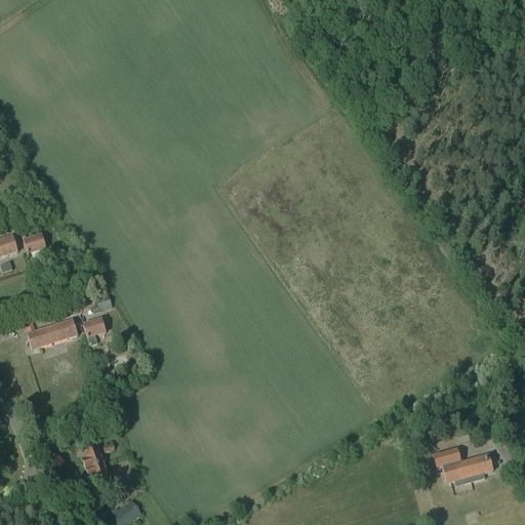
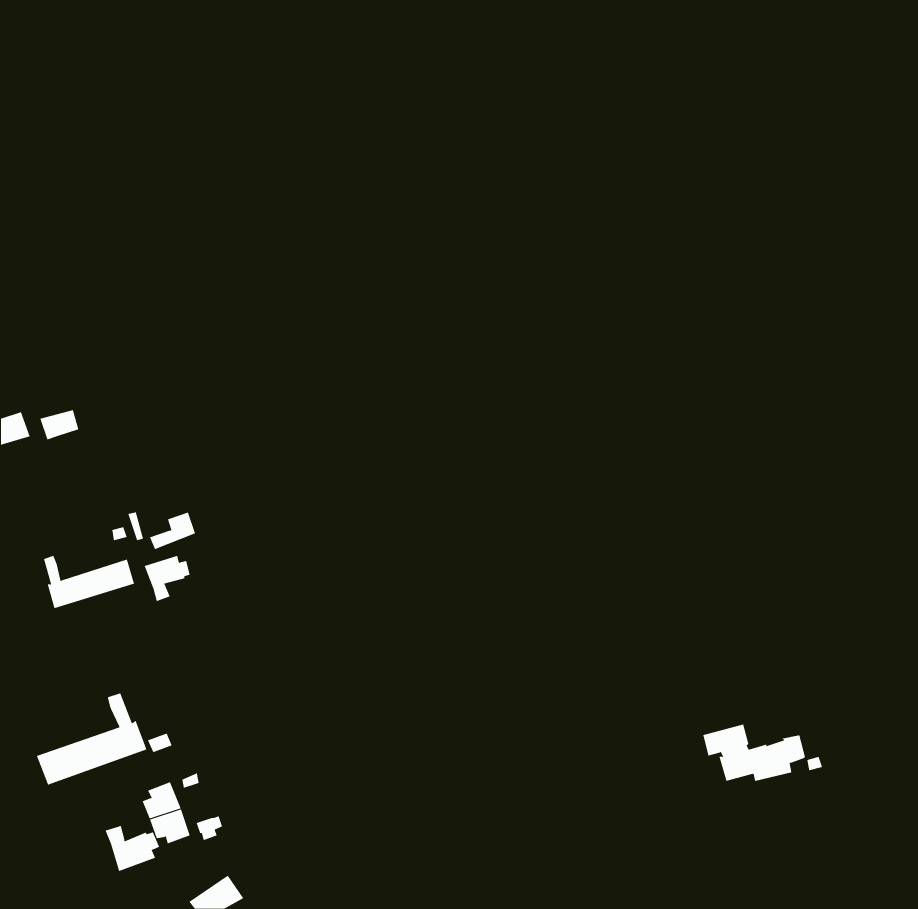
building: none -> [36,692,147,785]
building: [433,448,492,481] -> [702,724,807,781]
building: none -> [105,825,160,872]

